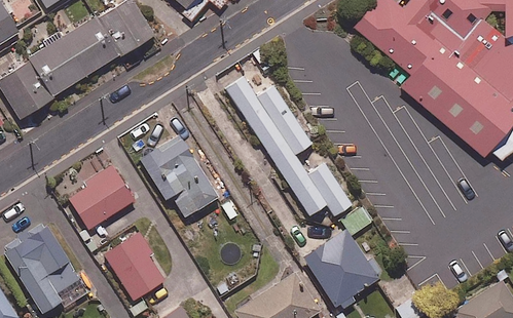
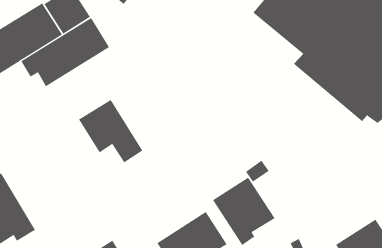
building: none -> [20,17,110,87]
building: [225,75,353,215] -> none
building: [68,165,135,230] -> none
building: [102,231,164,301] -> none

